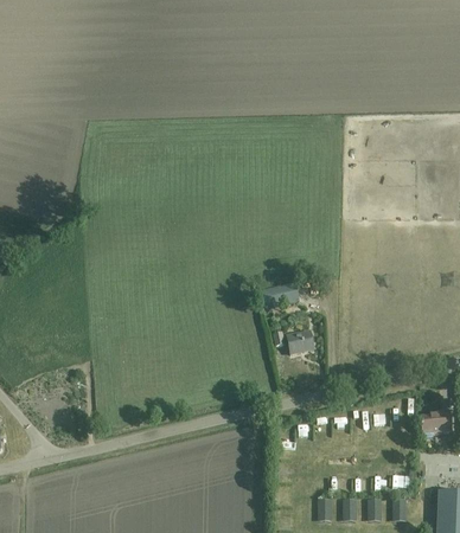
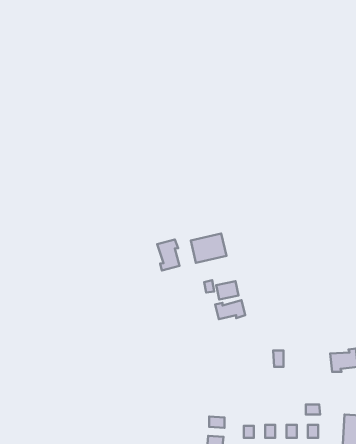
building: none -> [157,239,180,271]
building: none -> [215,300,245,319]

